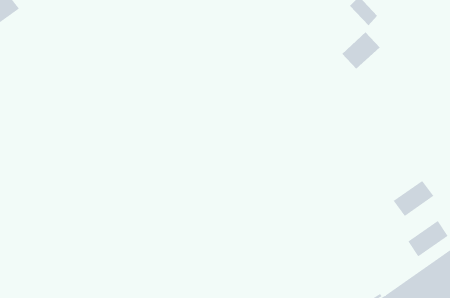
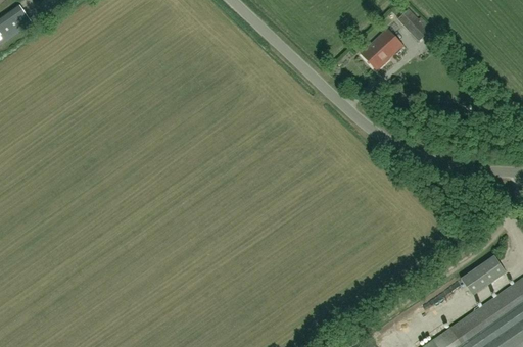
building: [341,32,380,70] -> [360,30,402,71]
building: [393,180,434,217] -> none

